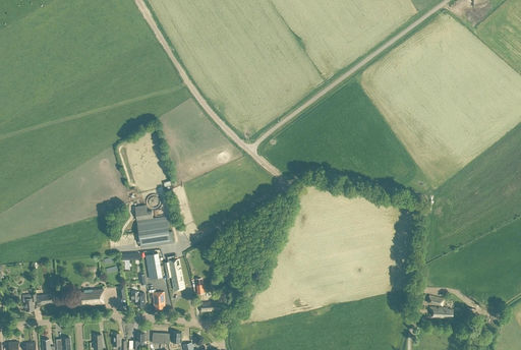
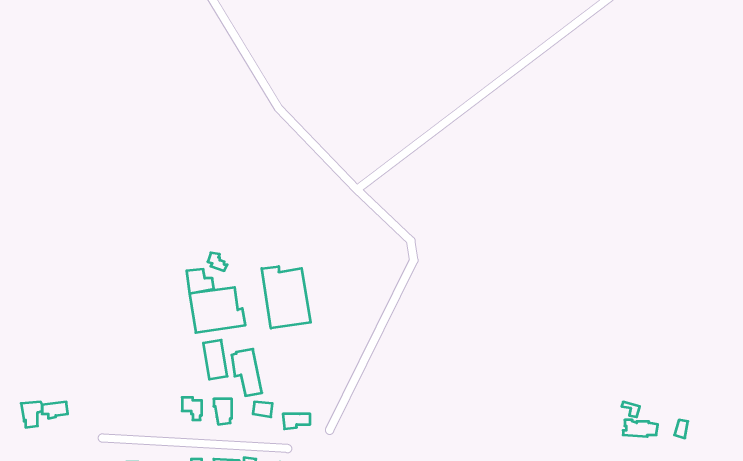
building: none -> [262,266,311,328]
building: [72,288,104,306] -> none

